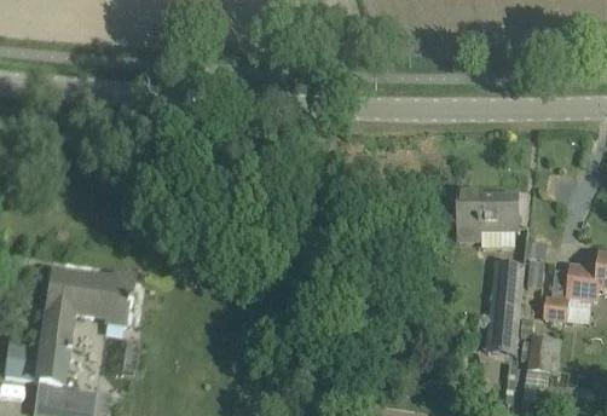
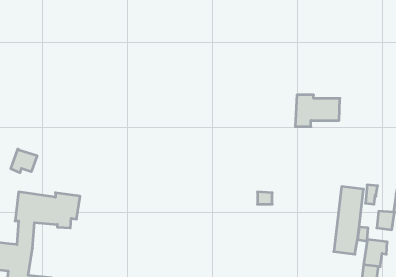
building: [456,192,518,236] -> [295,95,340,127]
building: none -> [11,149,37,173]

